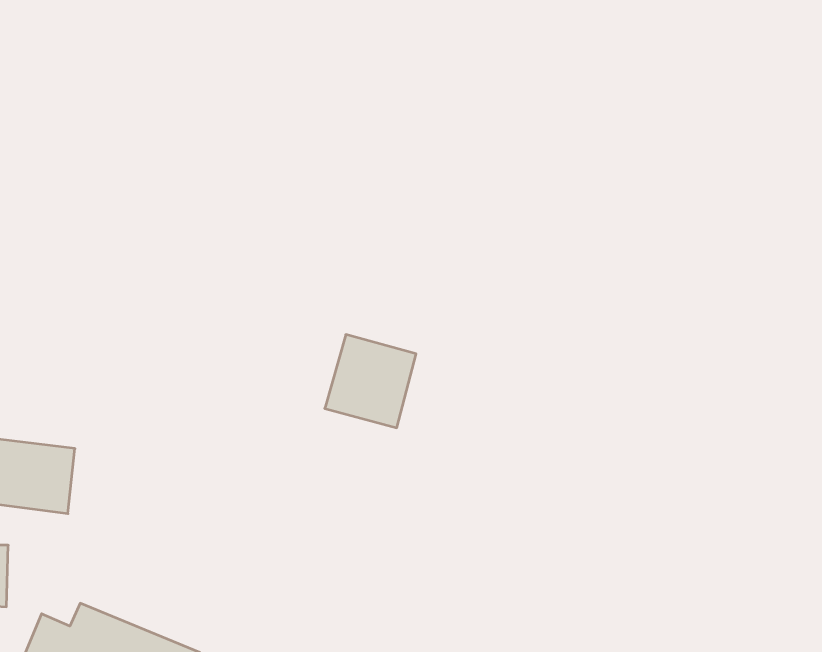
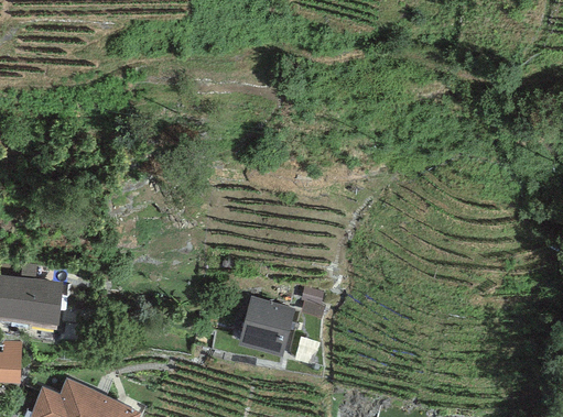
building: [325,335,416,428] -> [237,297,294,355]

